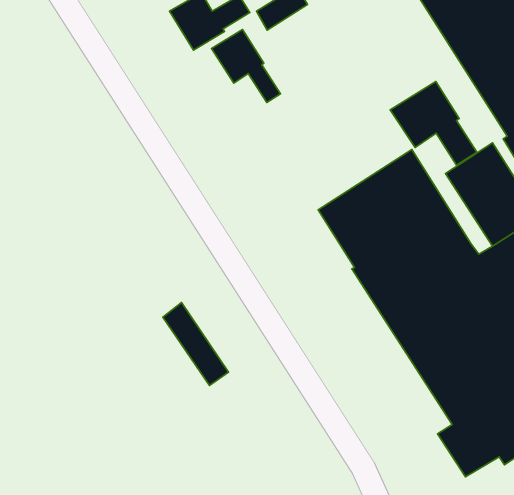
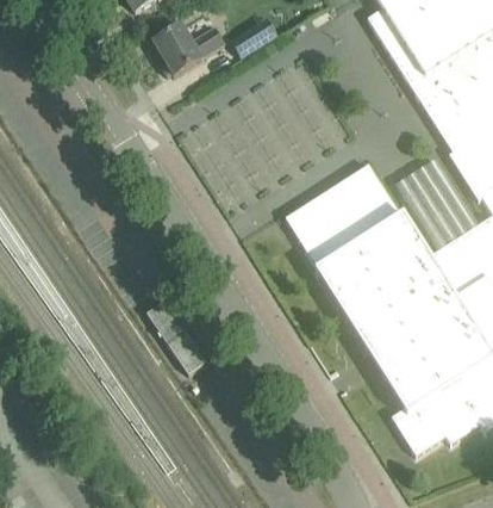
building: [211,29,281,103] -> none
building: [390,81,477,165] -> none

